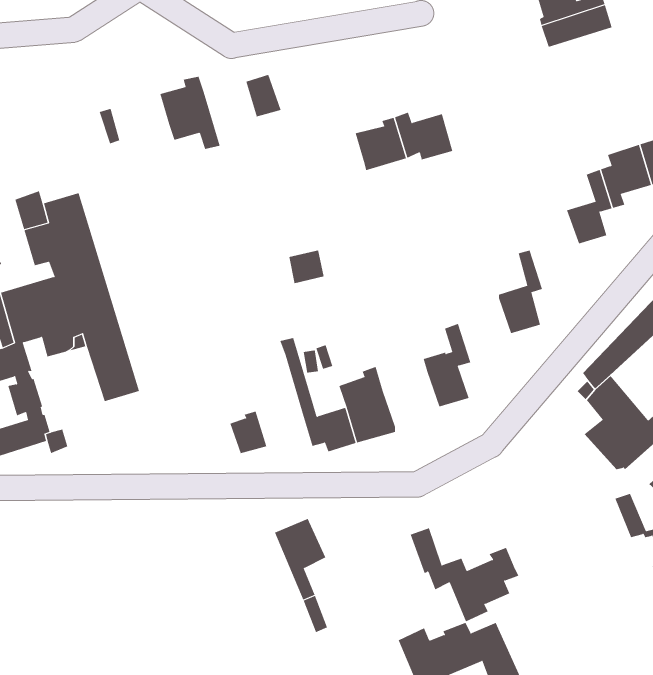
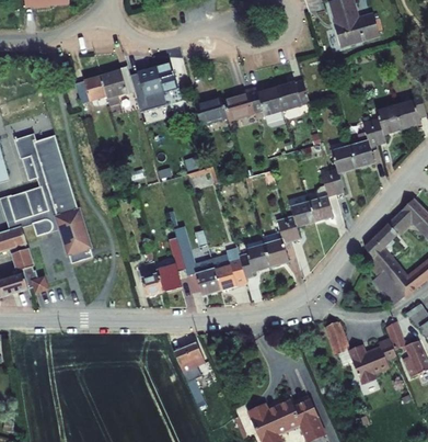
building: none -> [131,67,166,106]
building: none -> [77,73,109,102]
building: none -> [277,79,311,110]
building: none -> [194,97,229,126]
building: none -> [331,146,360,194]
building: none -> [287,200,319,239]
building: none -> [162,235,190,291]
building: none -> [241,245,275,279]
building: [410,527,519,622] -> [324,321,391,379]

